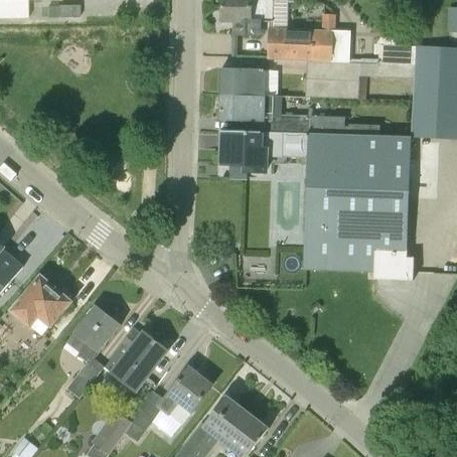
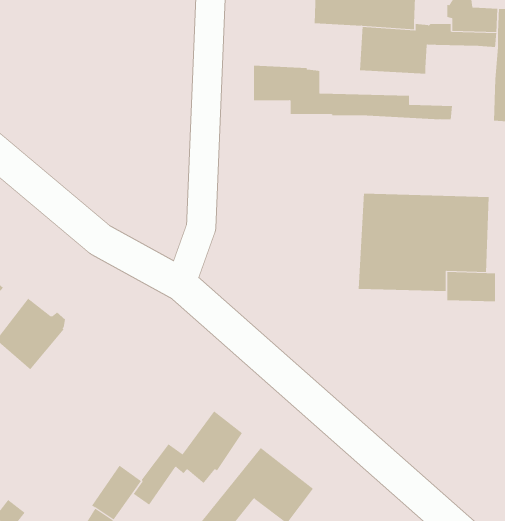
building: [219,66,264,93] -> none
building: [218,130,282,176] -> none
building: [307,131,409,195] -> none
building: [66,304,120,397] -> none
building: [103,331,166,391] -> none

